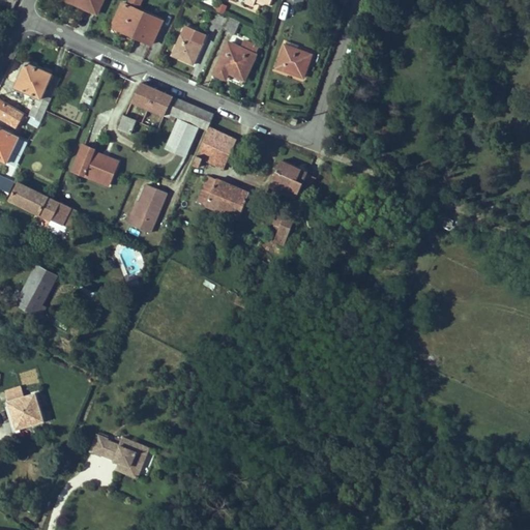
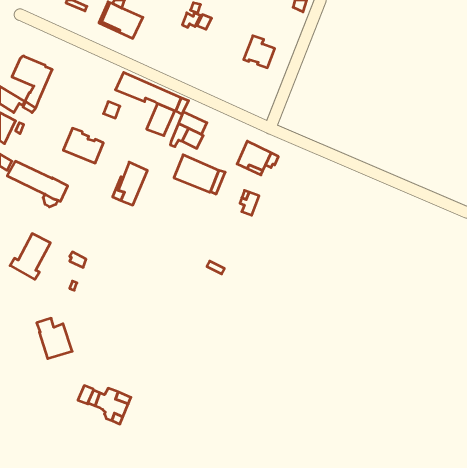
building: [171,26,205,64] -> none
building: [213,40,258,80] -> none
building: [4,386,45,432] -> [37,318,72,359]

